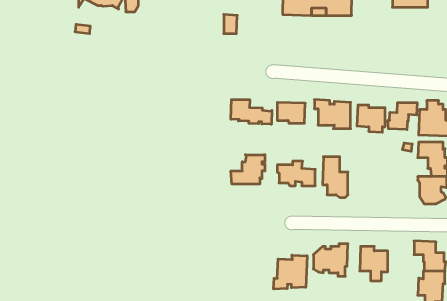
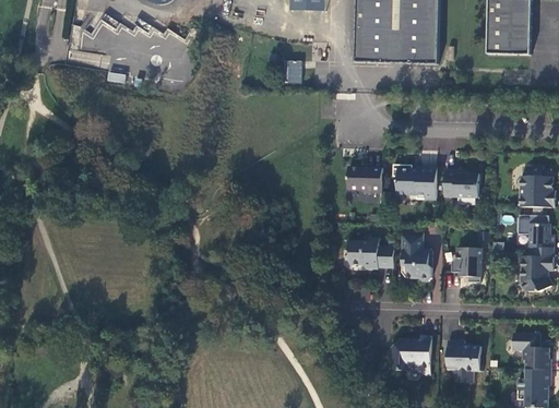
building: [231,100,272,124] -> none
building: [388,103,417,130] -> none
building: [231,155,265,184] -> none
building: none -> [451,247,480,280]
building: [274,255,307,289] -> none

